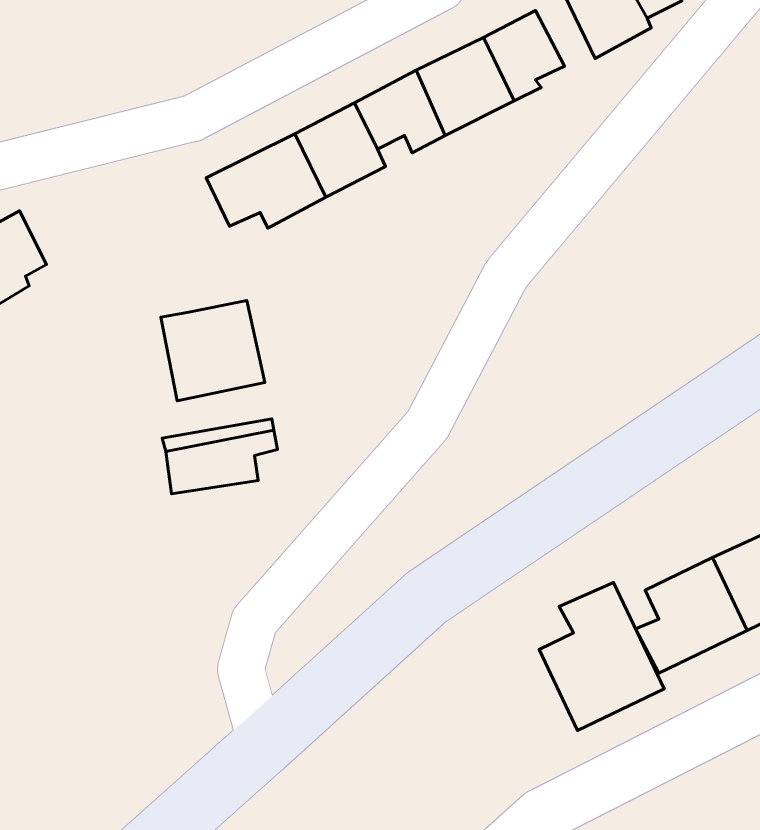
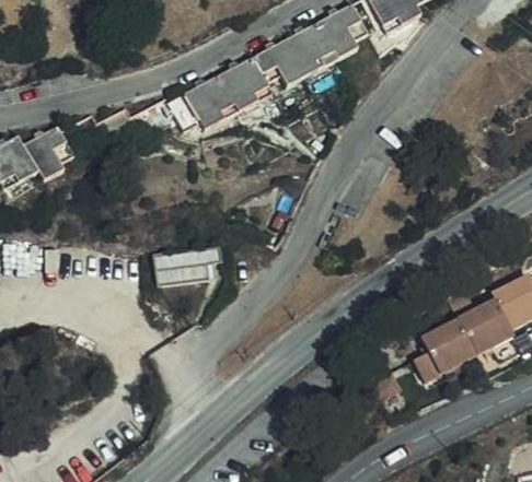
building: [161,300,265,401] -> none
building: [539,583,664,731] -> none

